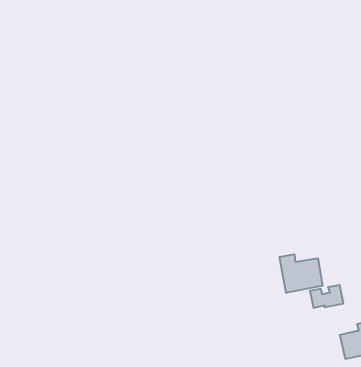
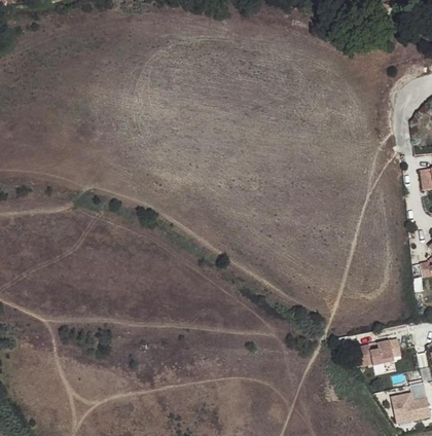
building: [280,254,322,293] -> none

